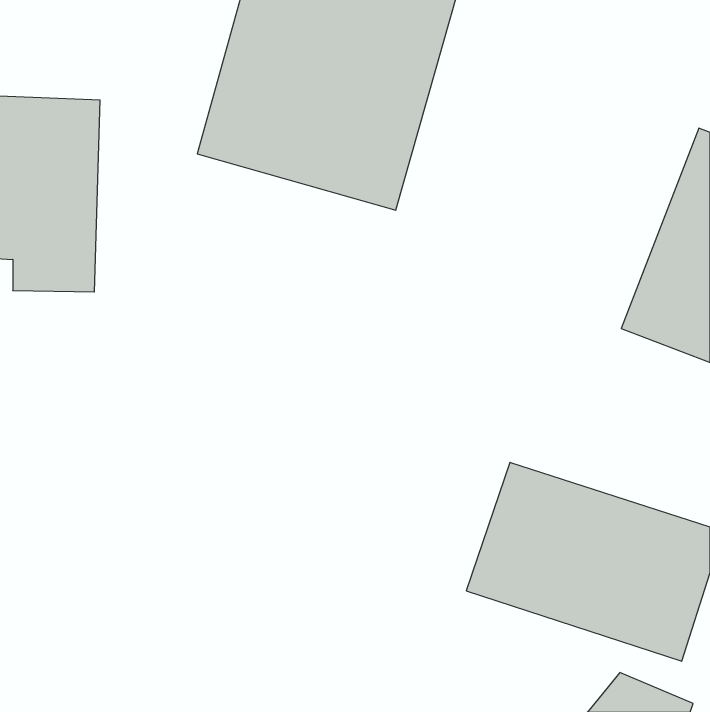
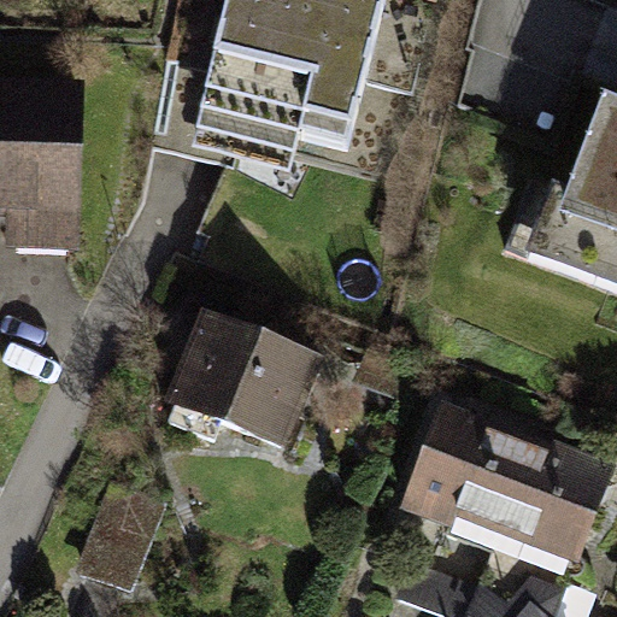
building: none -> [169,312,330,463]
building: none -> [70,478,158,590]

